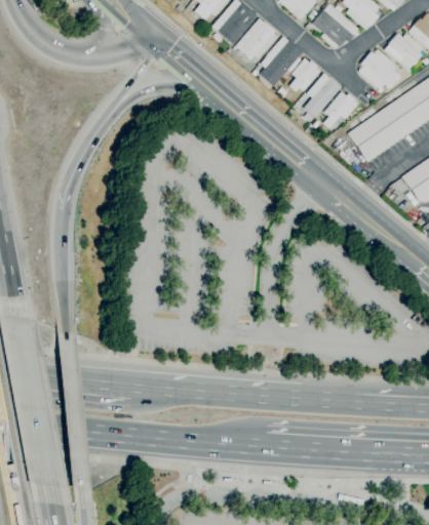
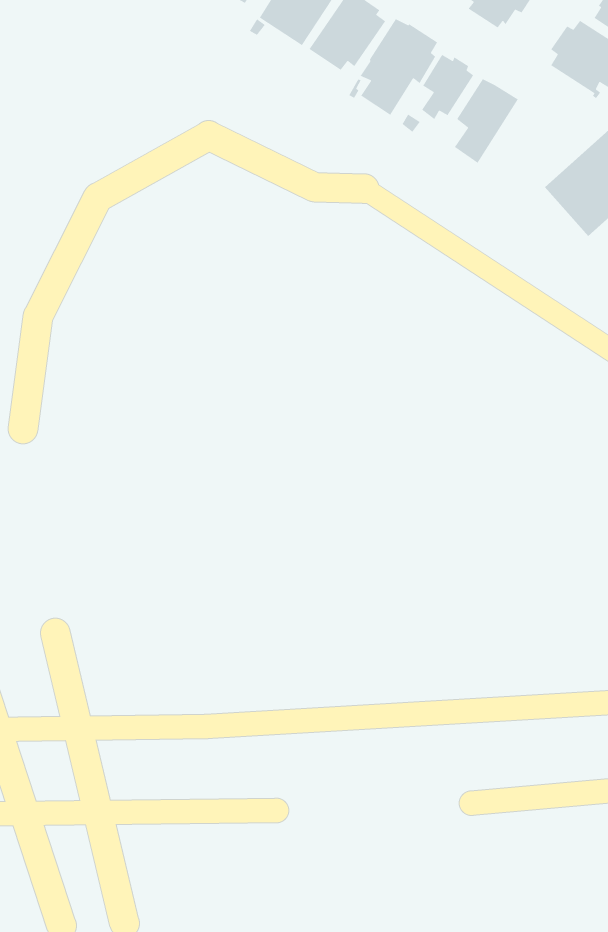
building: [323,91,358,127] -> none

